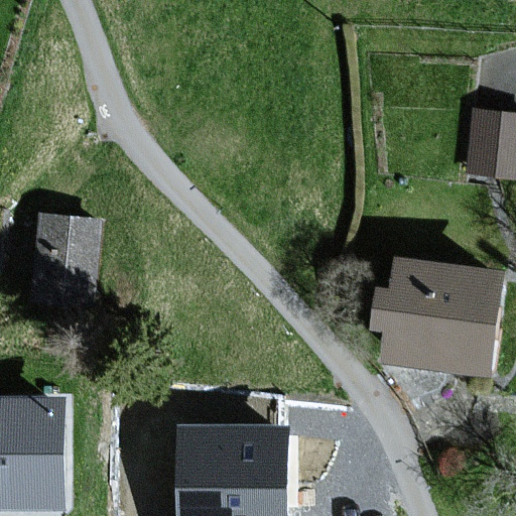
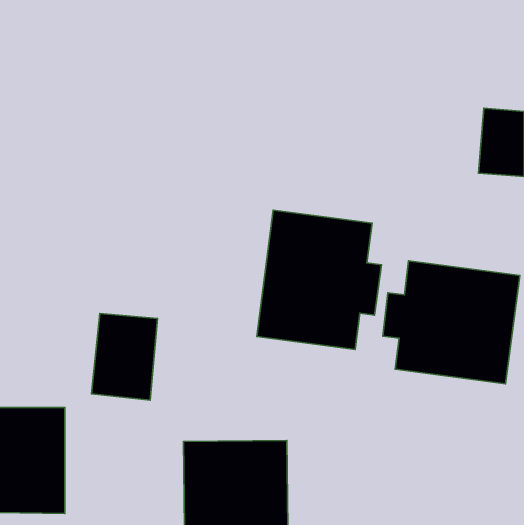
building: none -> [257,210,381,349]
building: [34,218,99,302] -> [91,313,157,400]

